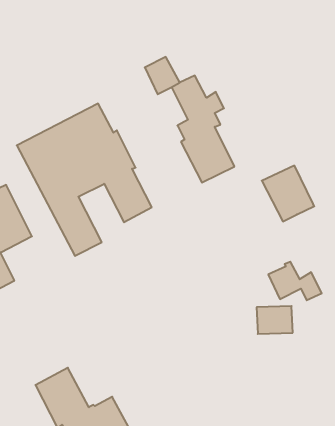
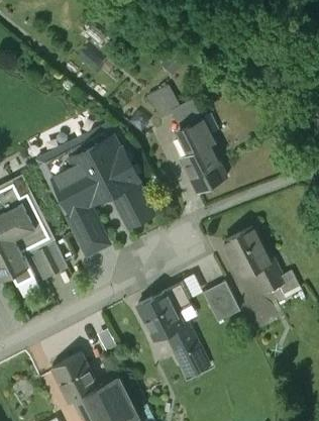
building: [262,166,314,221] -> [224,231,270,280]
building: none -> [30,244,67,281]
building: none -> [204,284,240,324]
building: none -> [137,286,210,378]

